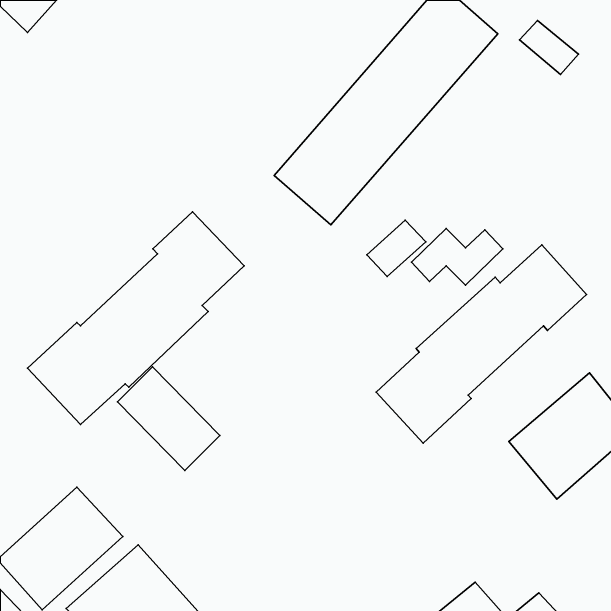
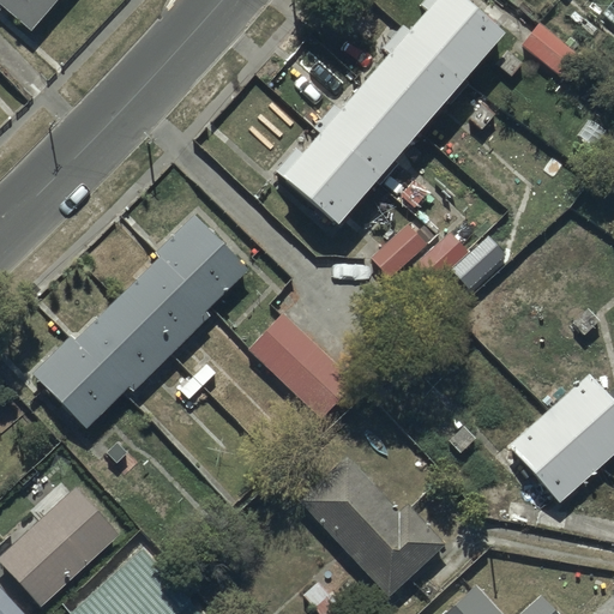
building: [376,245,587,443] -> none
building: [118,367,220,470] -> [248,314,350,417]
building: none -> [299,456,444,595]

